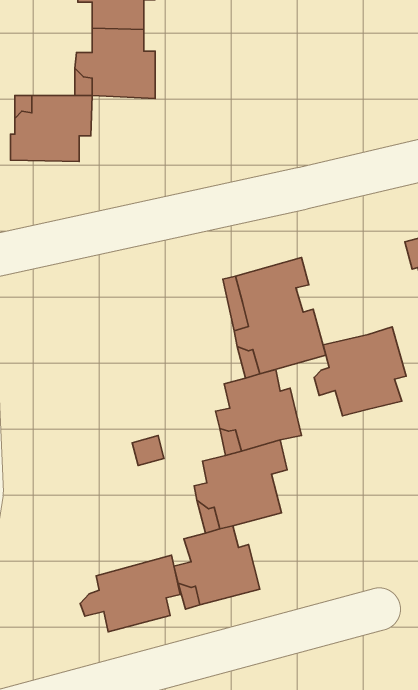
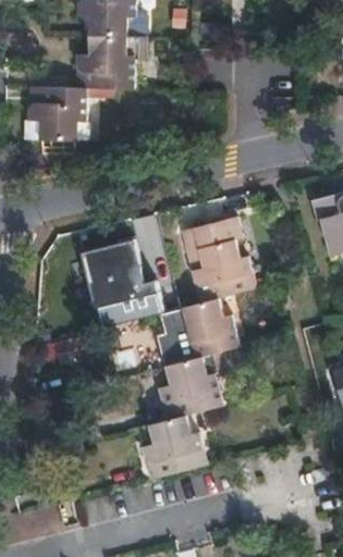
building: none -> [85,235,162,325]
building: [314,327,406,416] -> none
building: [80,555,180,632] -> none

